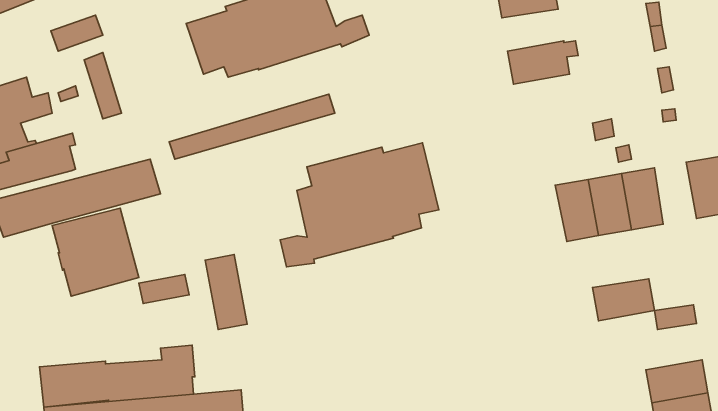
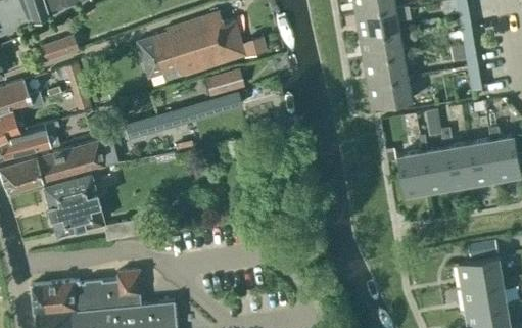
building: none -> [360,32,404,61]
building: none -> [203,69,244,98]
building: none -> [368,76,421,107]
building: [280,143,439,267] -> none
building: none -> [468,140,497,184]
building: [205,254,247,330] -> none
building: [593,279,655,321] -> [458,257,502,287]

